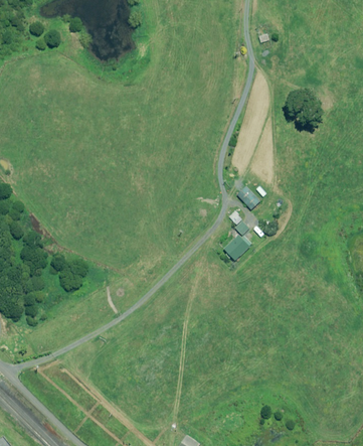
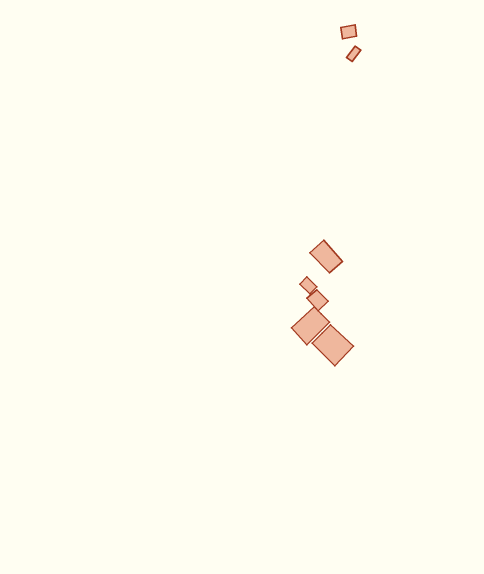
building: none -> [312,325,353,366]

